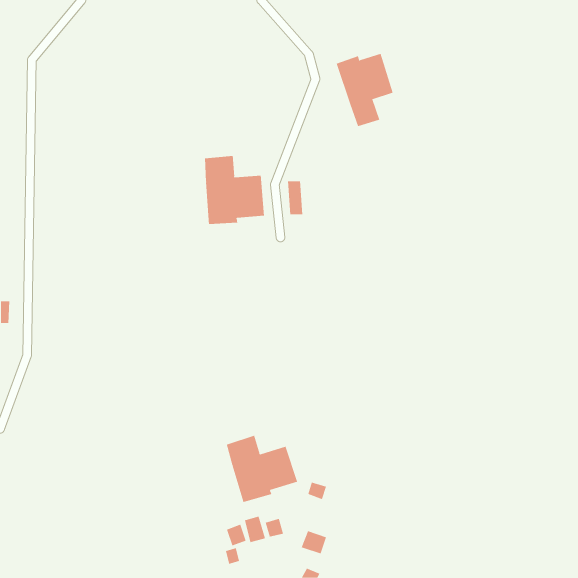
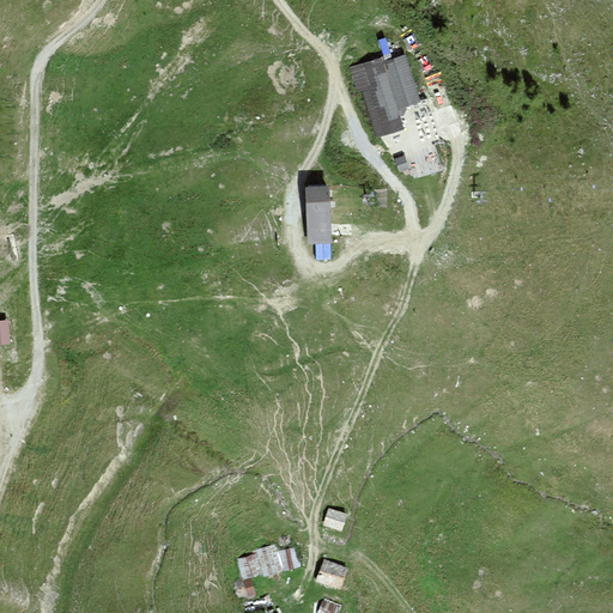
building: [204,155,265,225] -> none
building: [226,435,298,503] -> none

